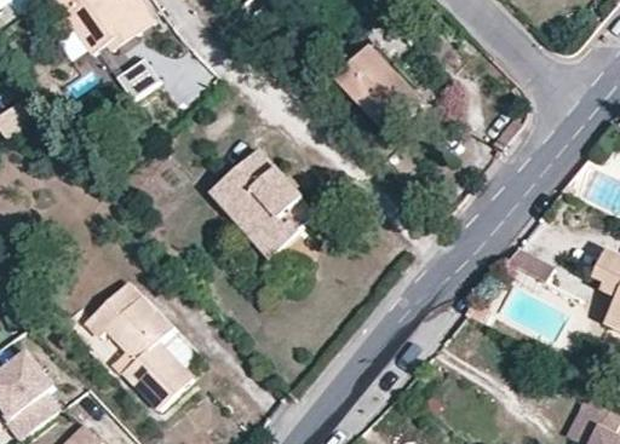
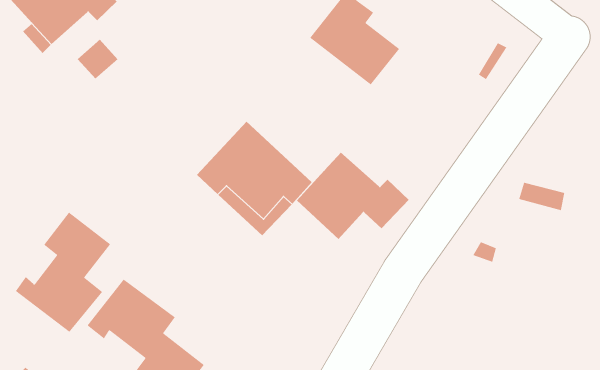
building: none -> [296,152,409,240]
building: none -> [15,212,111,333]

